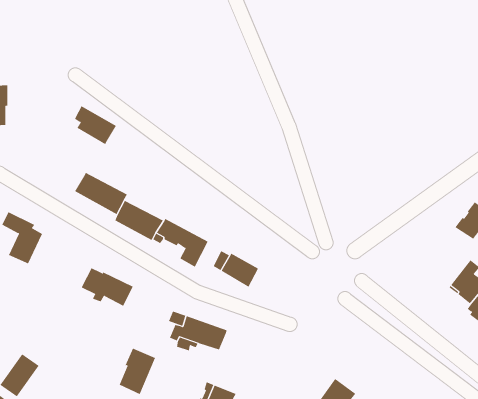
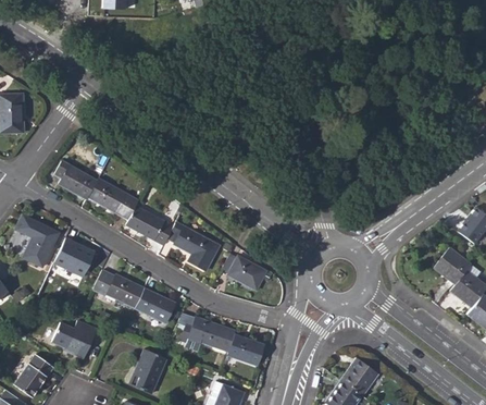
building: [74,106,117,145] -> [55,160,97,198]
building: none -> [54,238,96,277]
building: none -> [434,246,472,283]
building: none -> [135,289,176,323]
building: none -> [52,321,97,358]
building: none -> [227,334,265,366]
building: none -> [340,356,377,393]

